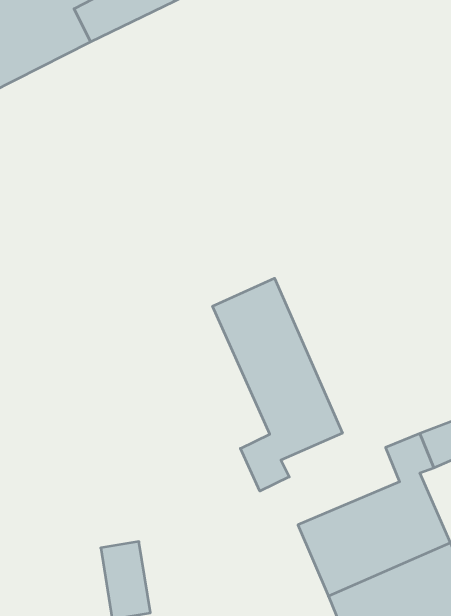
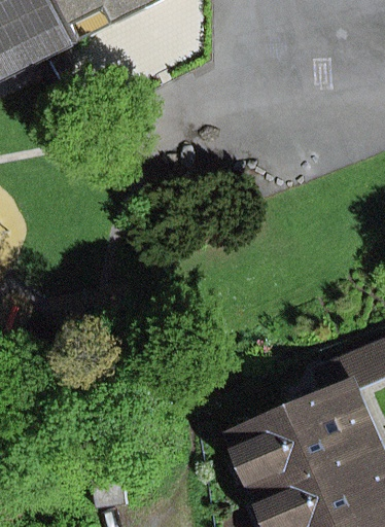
building: [213,278,342,491] -> none

